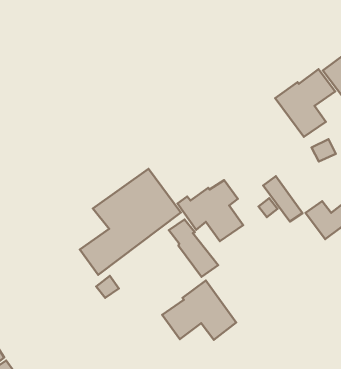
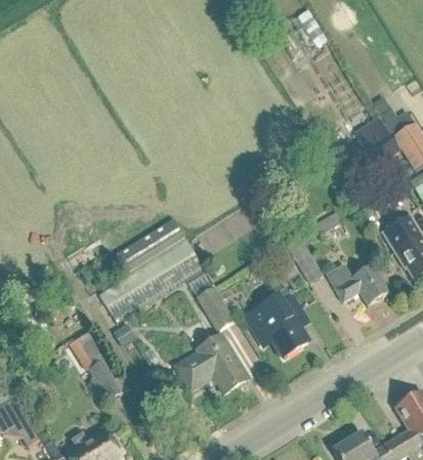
building: [275,69,335,137] -> none
building: [178,180,243,241] -> [244,295,307,356]
building: none -> [70,331,128,400]

